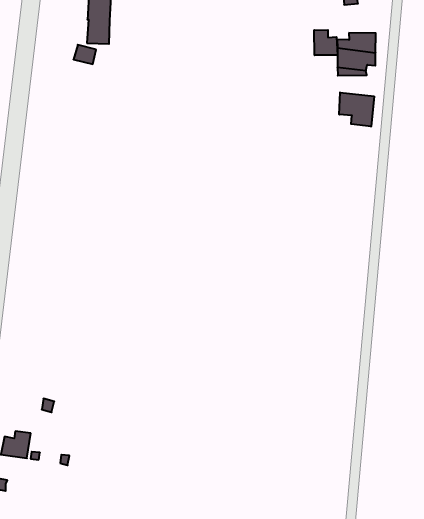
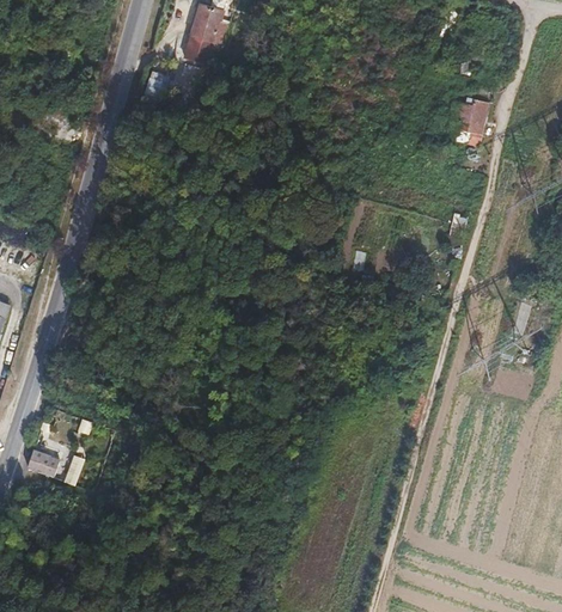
building: [314,30,338,55] -> none
building: [339,92,374,127] -> none

